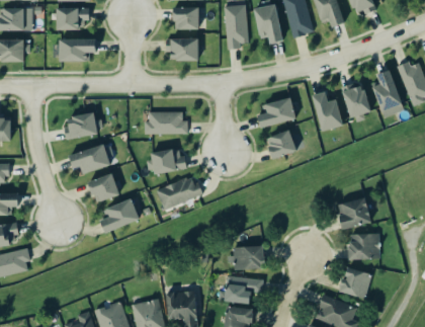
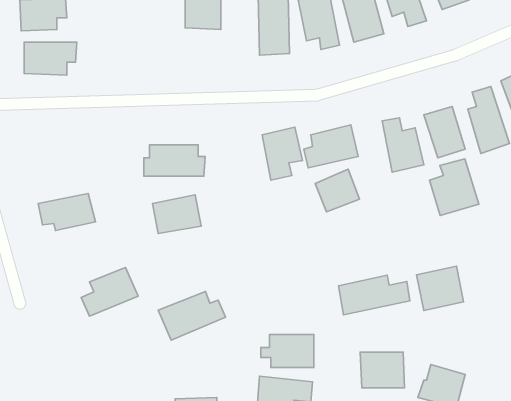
building: [170,38,198,61] -> none
building: none -> [262,127,302,180]
building: [64,112,103,138] -> none
building: none -> [429,159,479,216]
building: [88,174,119,201] -> none
building: [155,176,202,211] -> [158,292,225,340]
building: none -> [339,275,410,315]
building: [348,234,379,259] -> [360,352,405,388]

